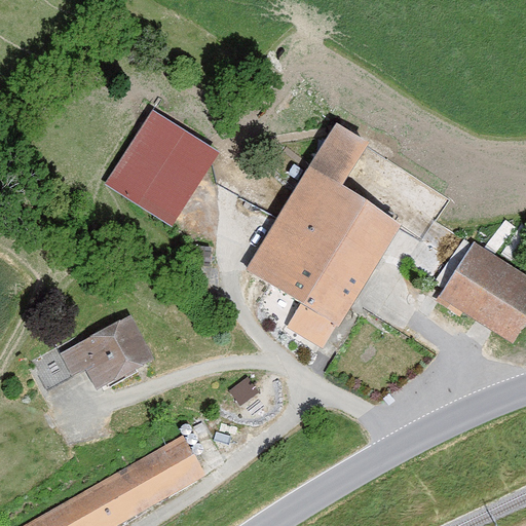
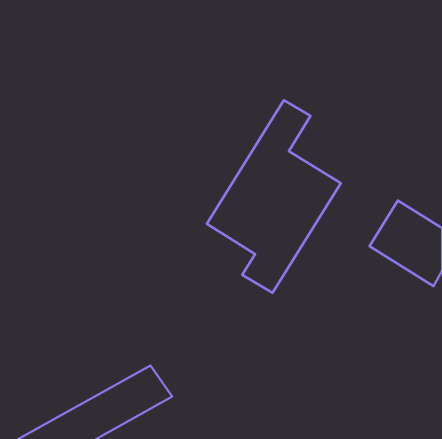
building: [107,114,217,227] -> none
building: [34,313,155,388] -> none

